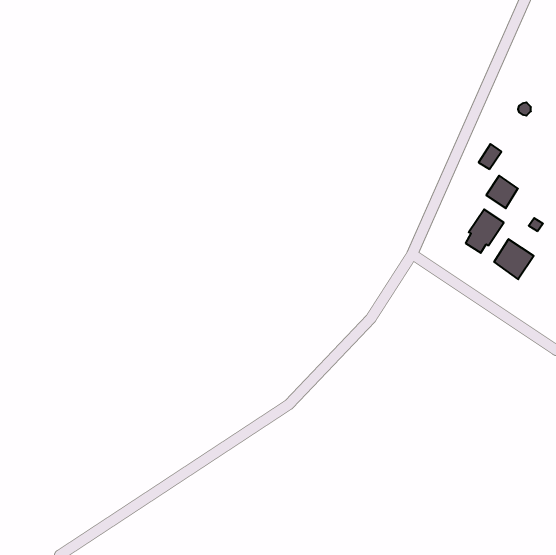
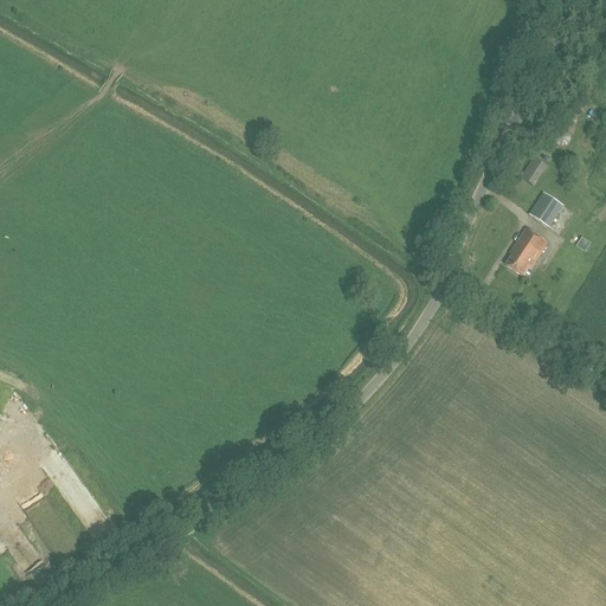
building: [494,239,534,279] -> none

